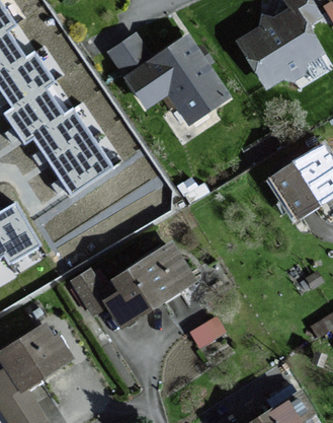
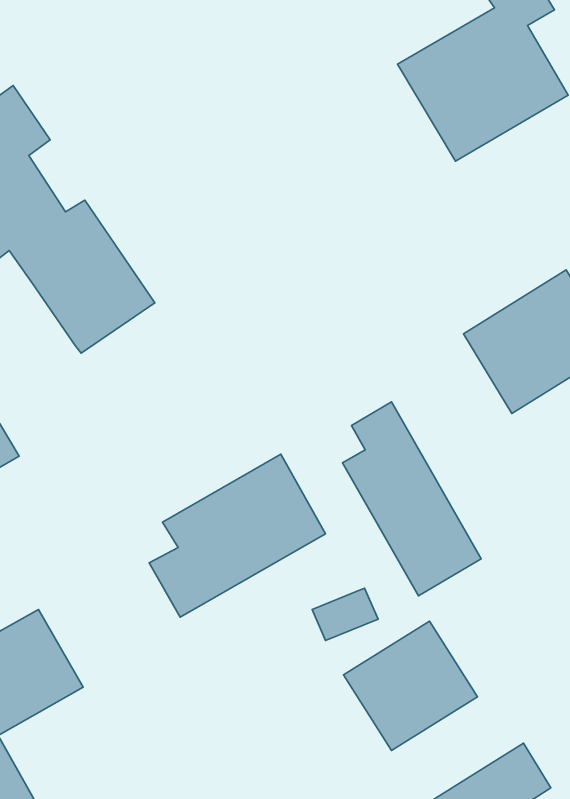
building: [106,30,228,121] -> none
building: none -> [342,402,481,596]
building: none -> [343,621,477,750]

